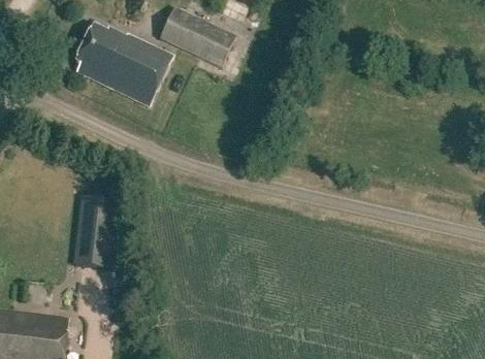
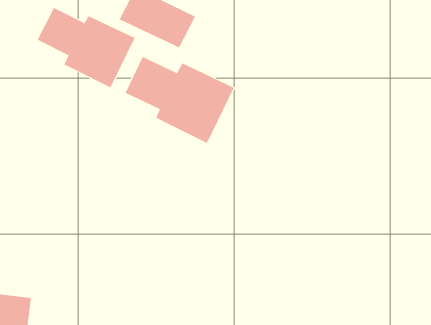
building: none -> [125,56,235,144]
building: [74,195,116,266] -> none

